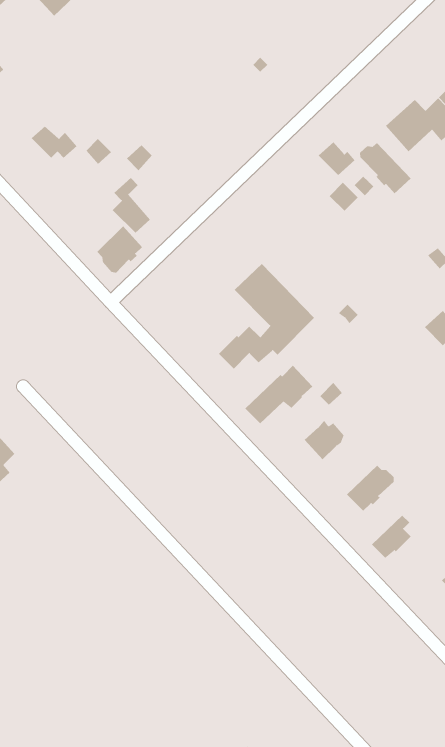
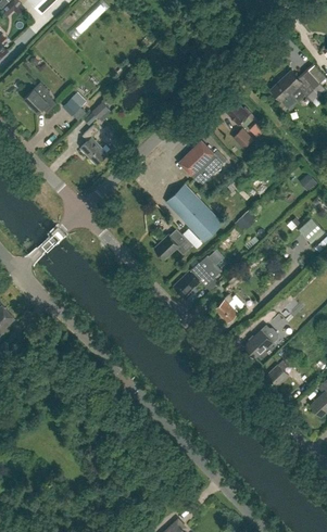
building: [359,142,411,194] -> none
building: none -> [180,141,224,185]
building: [96,226,143,273] -> none

